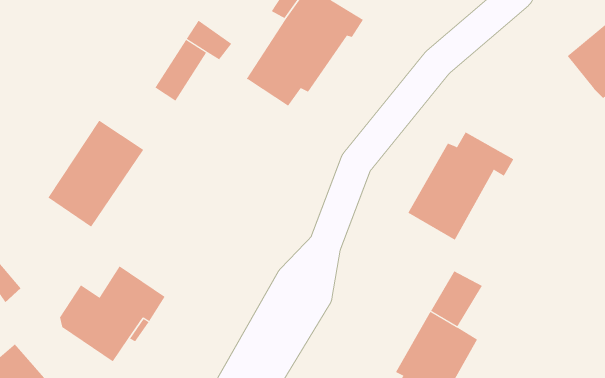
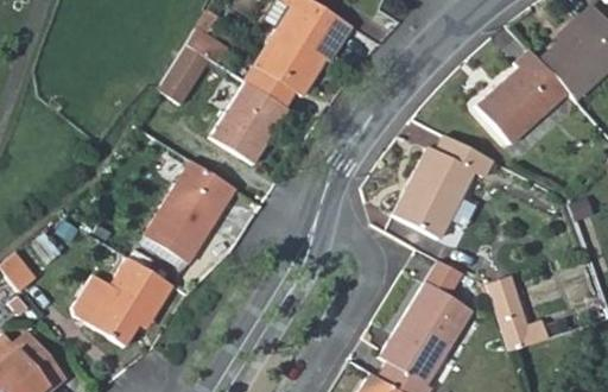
building: none -> [482,46,571,138]
building: none -> [209,81,285,163]
building: [48,120,144,227] -> [141,160,233,263]
building: none -> [488,276,551,352]

